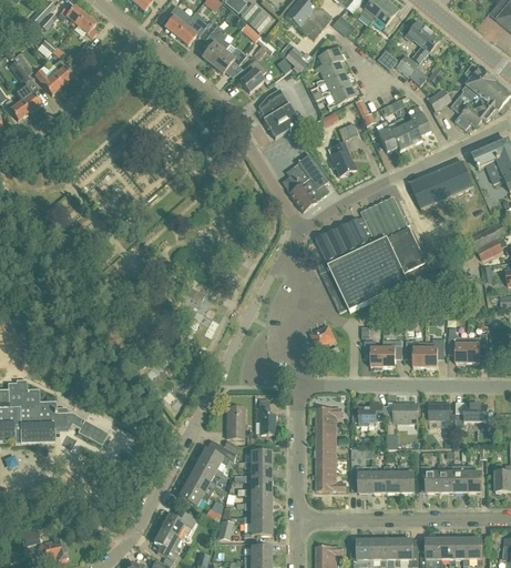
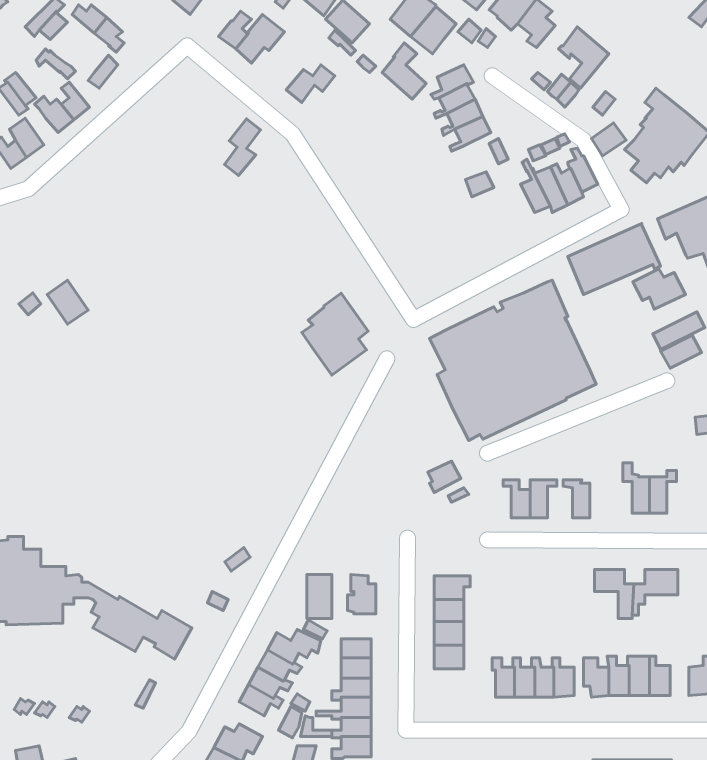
building: [202,24,227,64] -> [224,119,261,175]
building: [239,58,266,92] -> none
building: [258,88,300,138] -> none
building: [328,141,357,175] -> none
building: [282,153,328,211] -> [302,293,368,375]
building: none -> [633,269,685,309]
building: [426,337,444,366] -> none
building: [388,402,418,447] -> none
building: [354,403,382,425] -> none
building: [316,473,346,490] -> none

